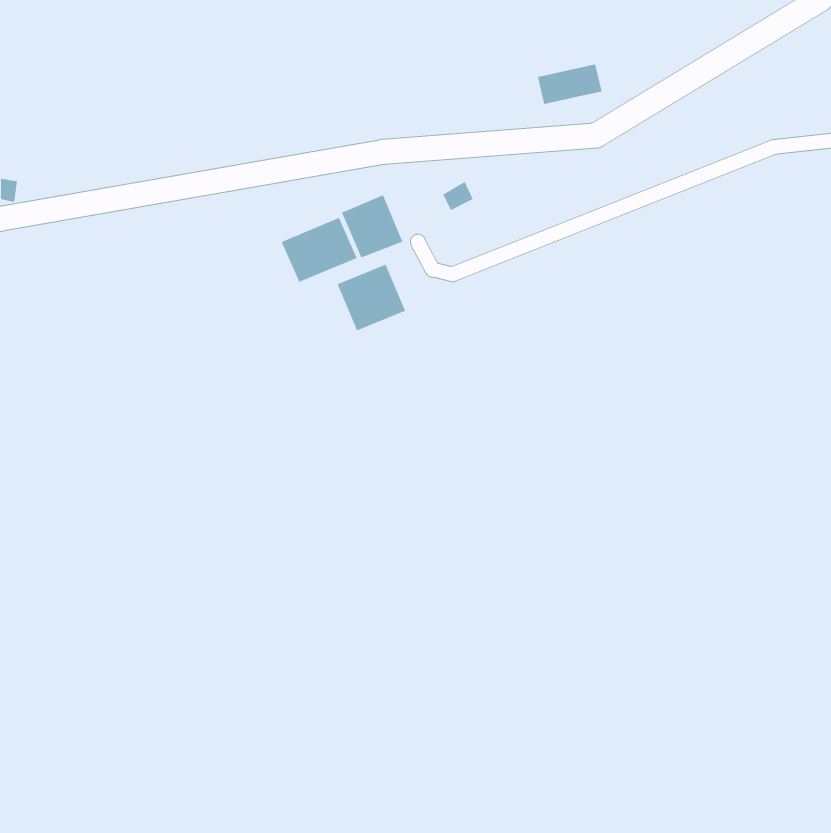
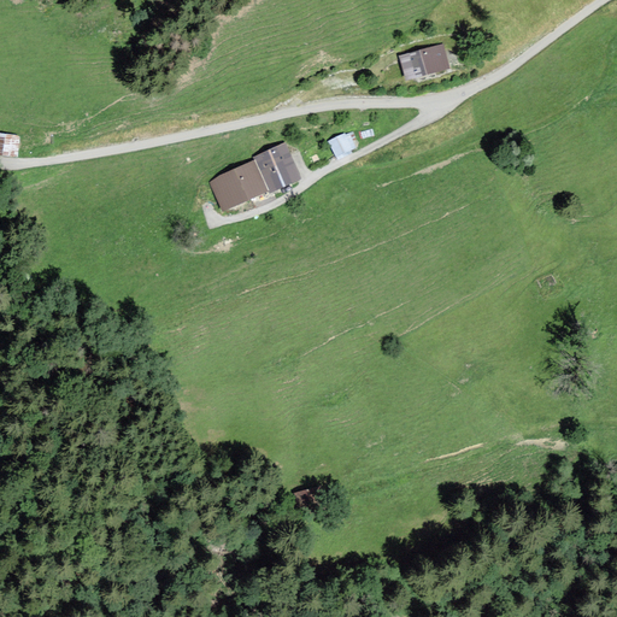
building: [337,264,406,331] -> none

